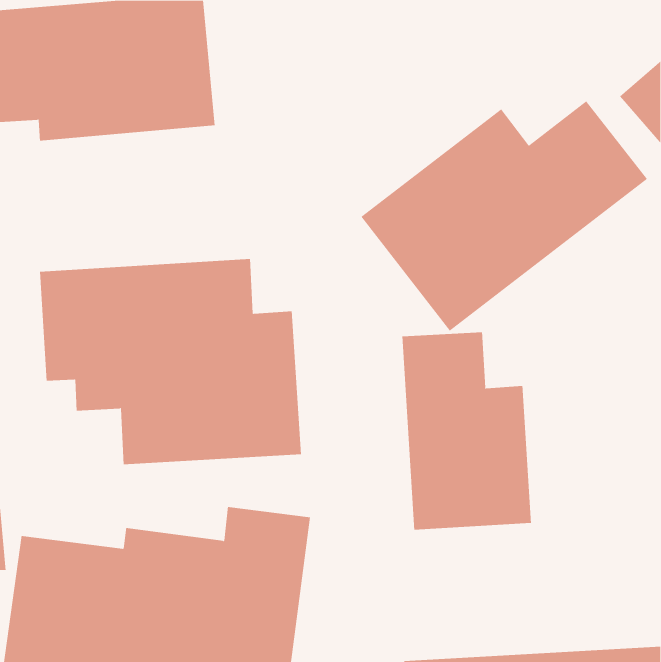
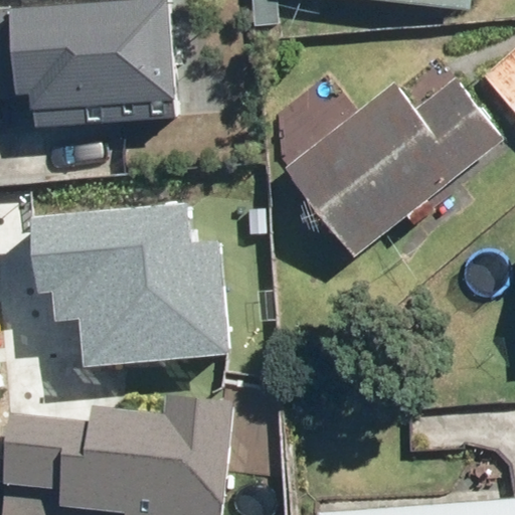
building: [402,332,531,530] -> none

